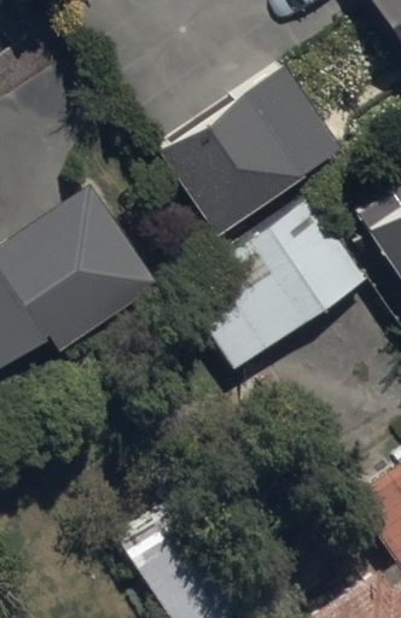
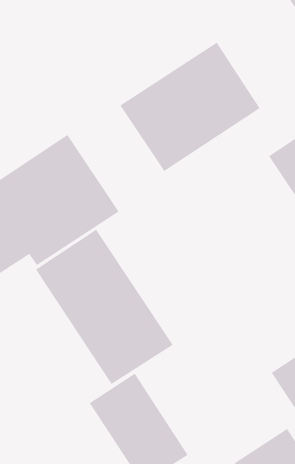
building: [182,197,364,363] -> none
building: none -> [35,229,173,385]

